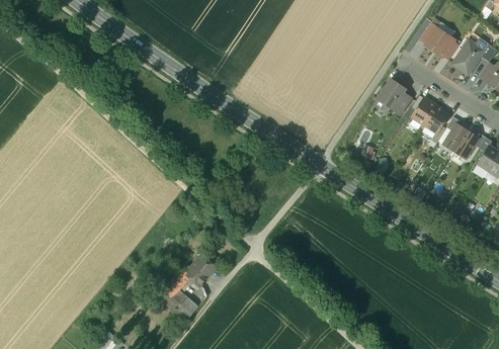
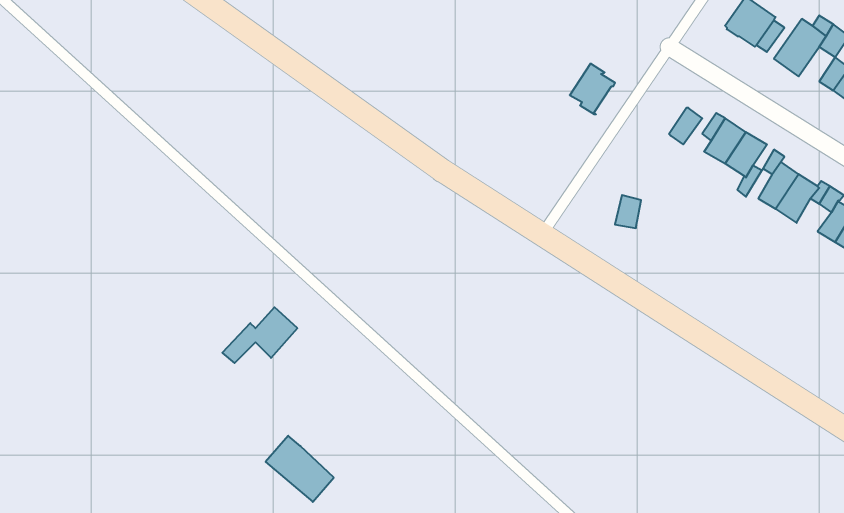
building: [379,79,405,108] -> [570,64,615,114]
building: [172,256,216,288] -> [222,307,297,363]

